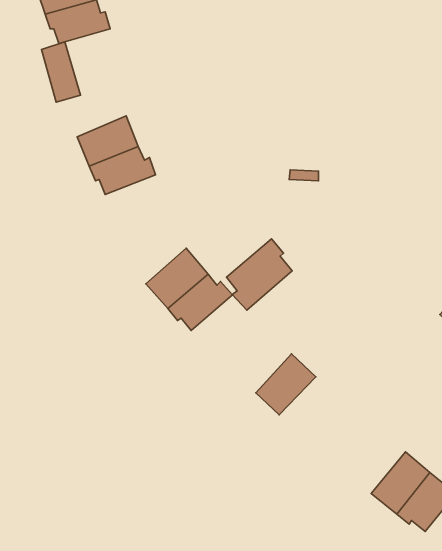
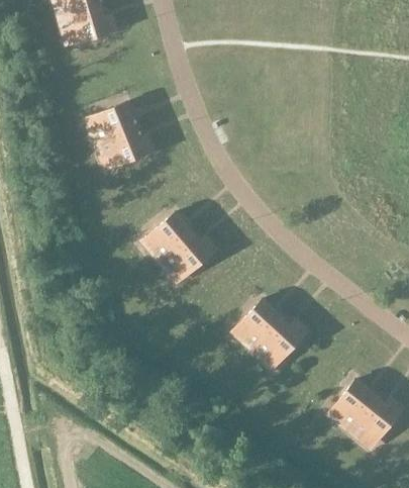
building: [41,42,80,102] -> none
building: [227,239,292,310] -> none
building: none -> [257,316,309,364]

